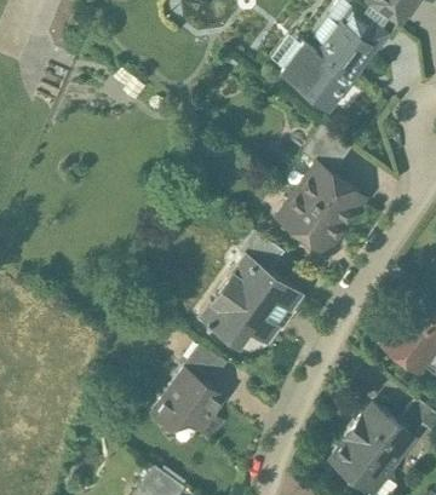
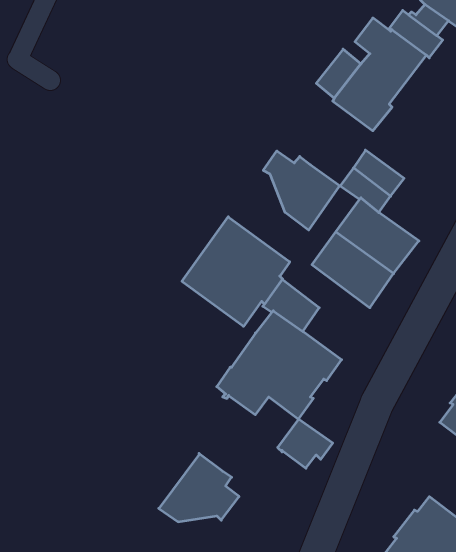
building: none -> [263,151,341,230]
building: none -> [182,217,290,326]
building: [182,347,226,387] -> [278,419,333,468]

